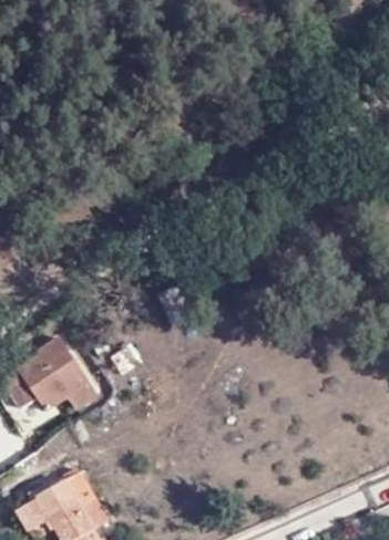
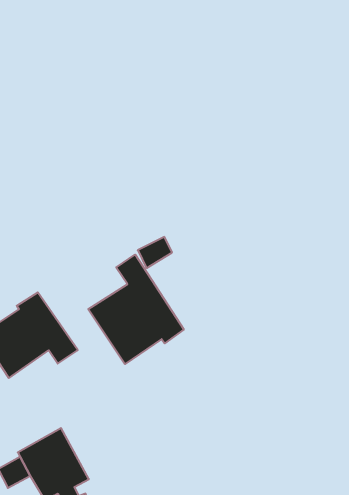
building: none -> [88,255,184,364]

